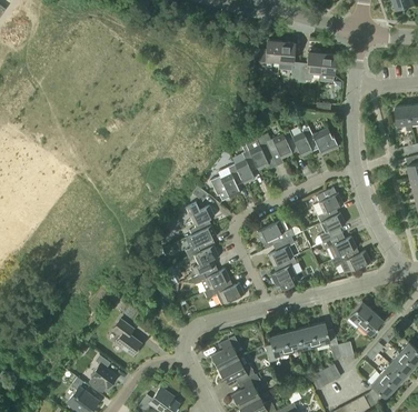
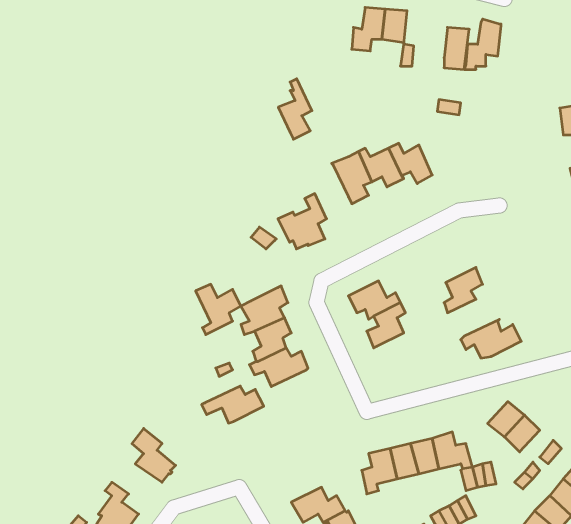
building: [297,50,321,83] -> [464,19,501,69]
building: [302,128,338,155] -> none
building: [233,145,256,185] -> [278,79,312,139]
building: [312,188,342,223] -> none
building: [185,202,215,235] -> [196,284,241,335]
building: [321,234,356,259] -> none
building: [269,257,298,290] -> none
building: [202,281,243,305] -> [202,386,264,423]
building: [211,336,239,369] -> none

